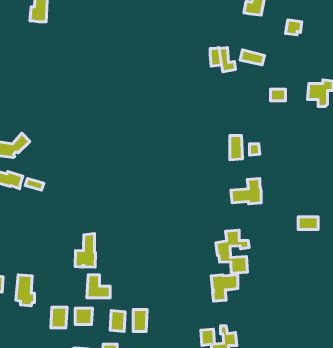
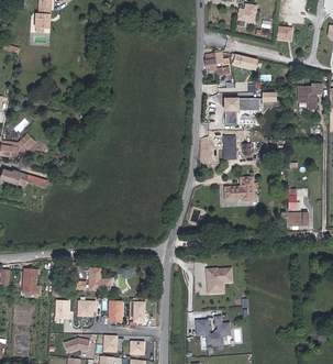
building: none -> [224,98,259,125]
building: [216,230,249,273] -> none
building: [75,234,95,267] -> none

